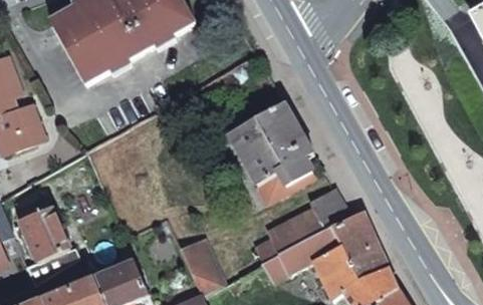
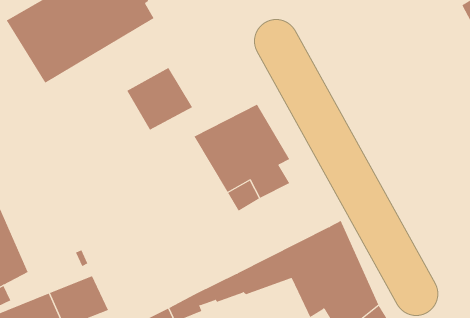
building: none -> [127,67,193,130]
building: [258,189,351,259] -> none
building: [181,233,227,291] -> none

